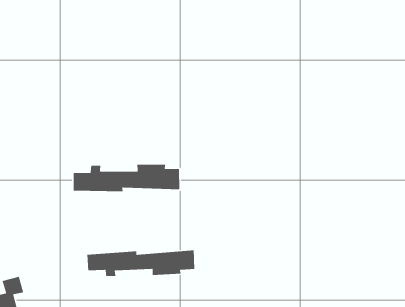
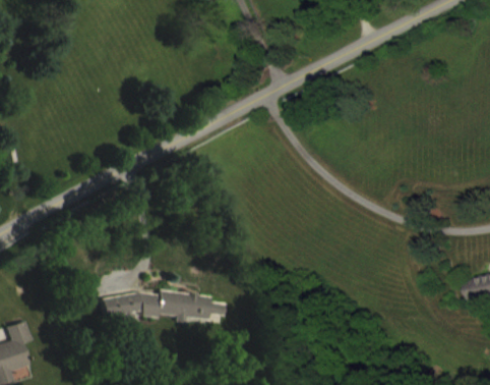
building: [73,164,180,192] -> none

